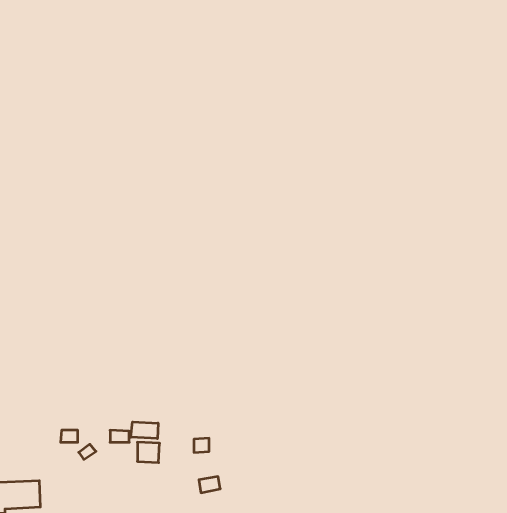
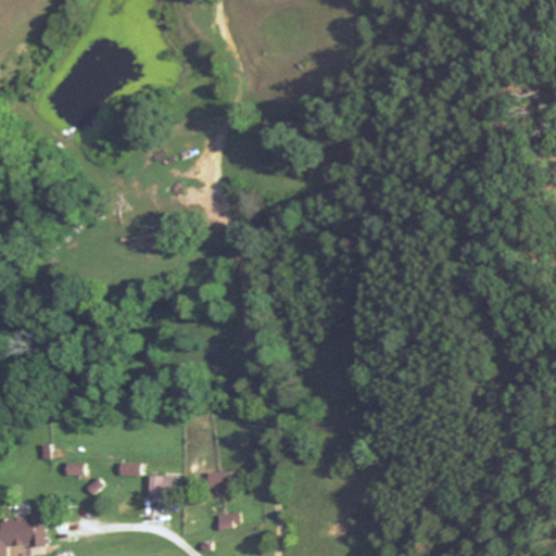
building: [131,422,158,439] -> none

